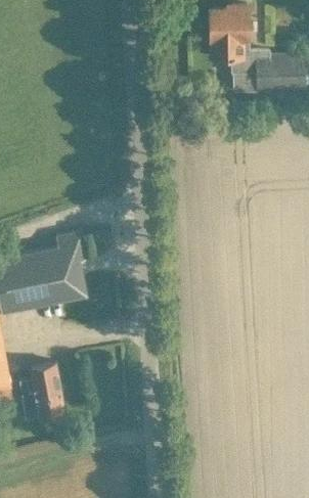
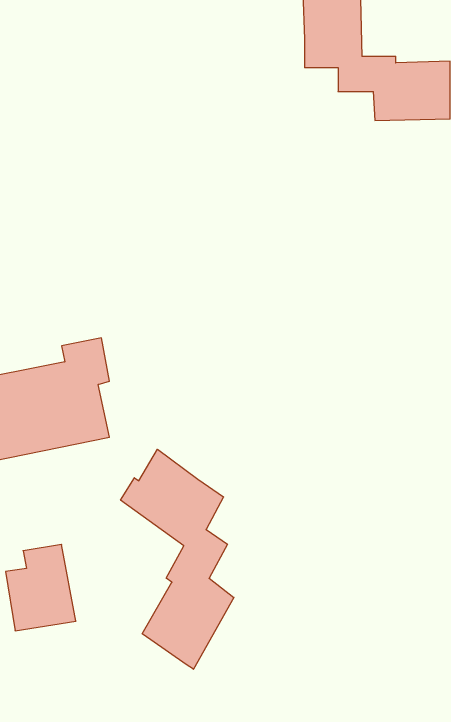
building: none -> [121,449,234,669]

